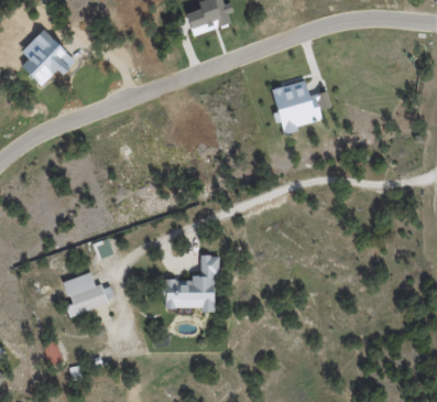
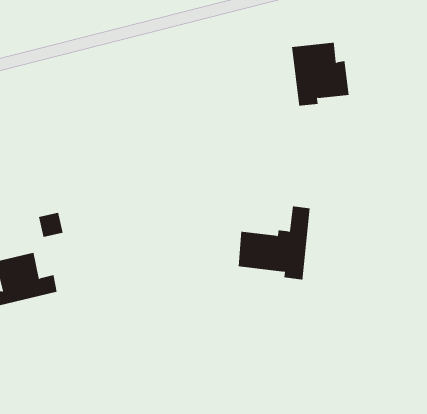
building: [163,256,216,312] -> [238,206,310,280]

